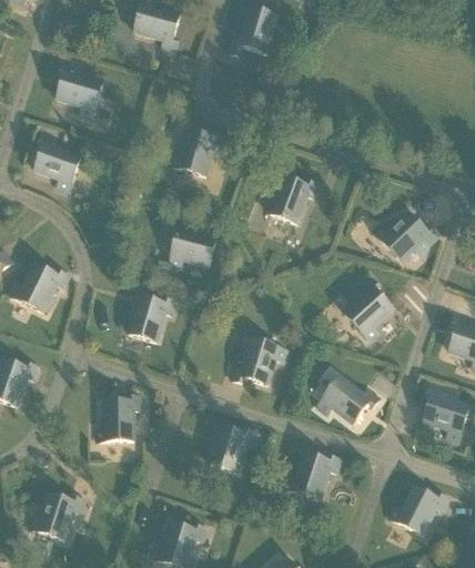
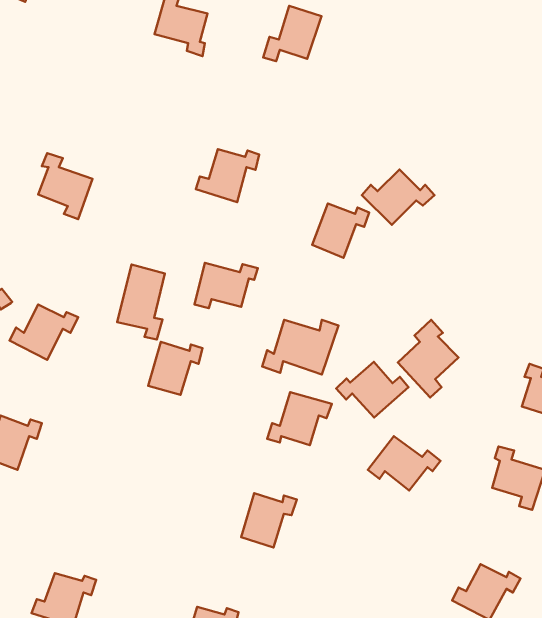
building: [55,61,101,116] -> none
building: [375,213,437,261] -> [362,169,434,225]
building: none -> [117,265,165,339]
building: none -> [262,320,338,375]
building: none -> [336,362,408,418]
building: [95,395,140,440] -> none
building: [284,453,340,498] -> none

